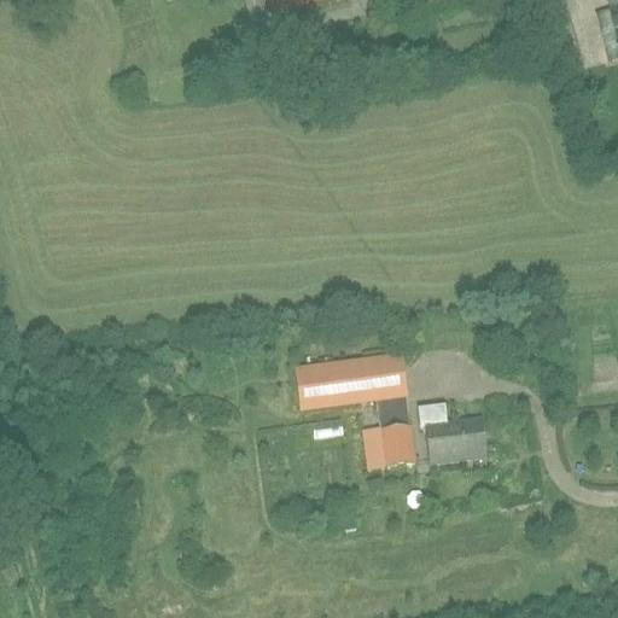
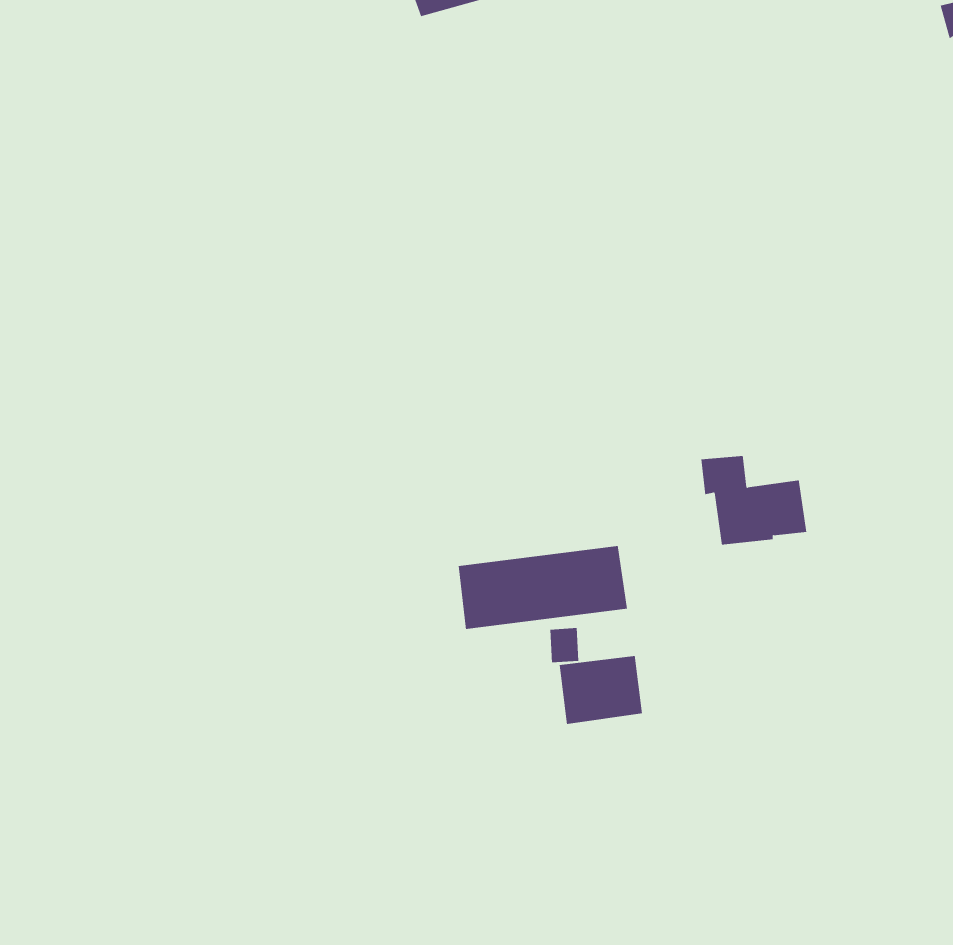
building: [418,402,486,460] -> [701,455,807,545]

